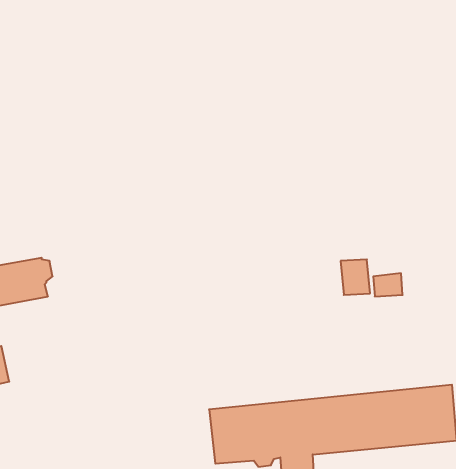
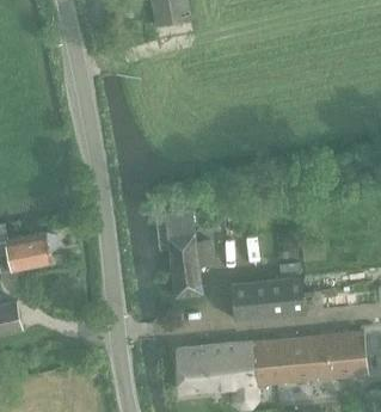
building: none -> [164,211,210,299]
building: none -> [229,264,303,320]

